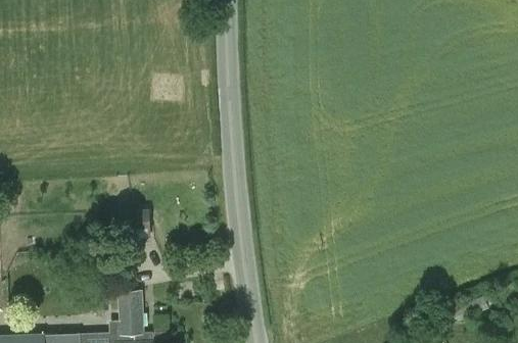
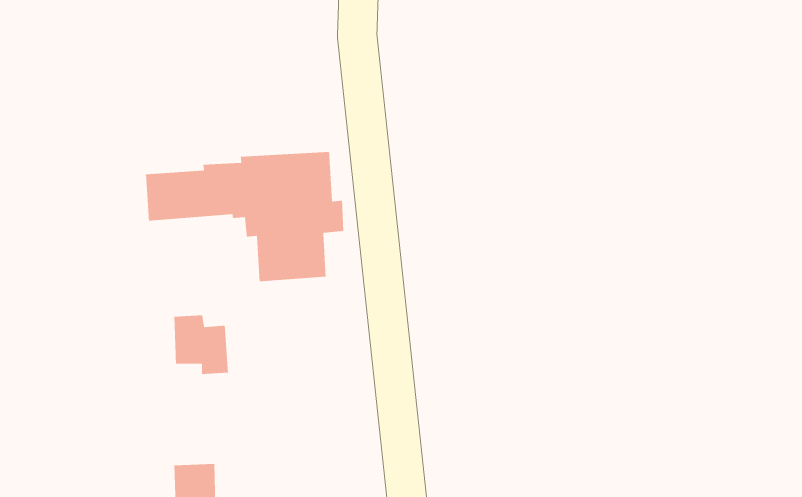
building: none -> [145,151,344,282]

